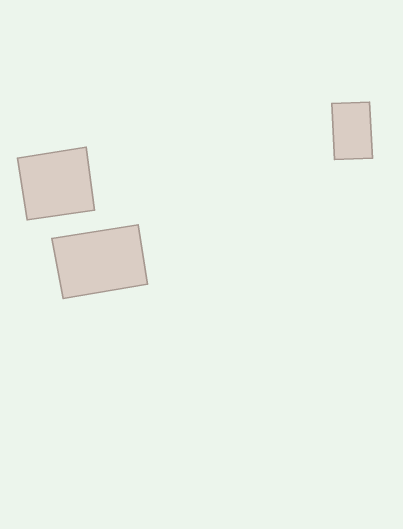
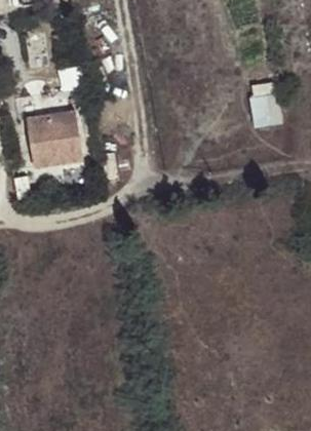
building: [52,225,148,299] -> none

